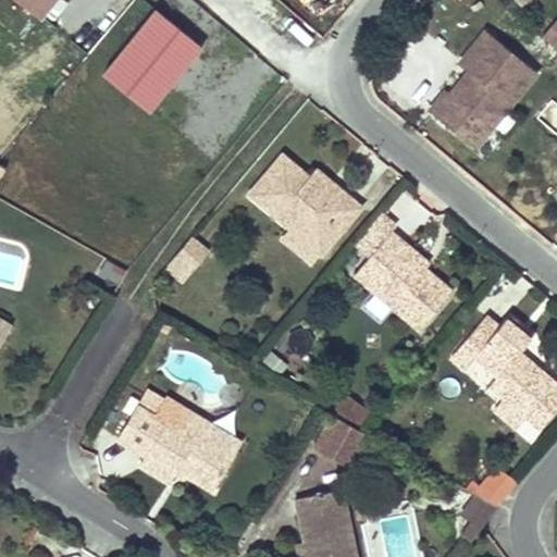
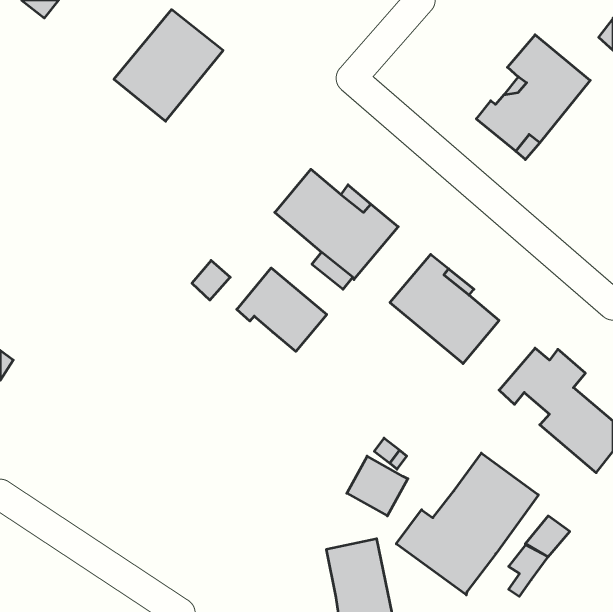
building: none -> [237,268,327,351]
building: [117,391,242,491] -> none
building: none -> [396,453,538,595]

